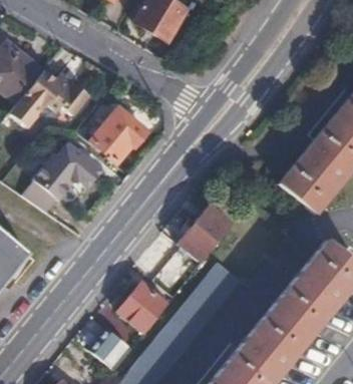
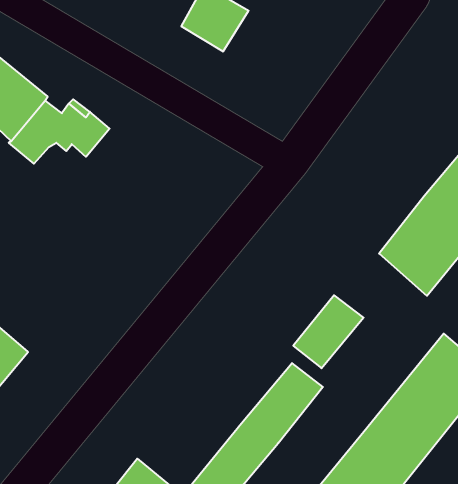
building: [93,107,148,161] -> none
building: [23,141,105,212] -> none
building: [180,207,230,259] -> [293,295,364,368]
building: [119,284,163,329] -> none

